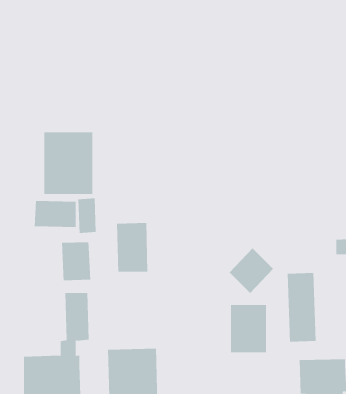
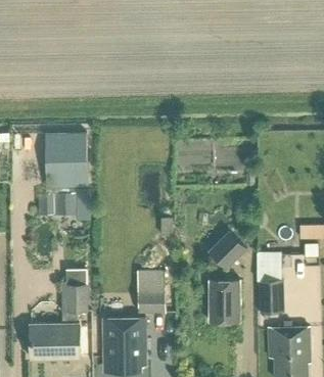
building: [116,222,148,272] -> [137,270,165,313]
building: [61,241,91,281] -> none

